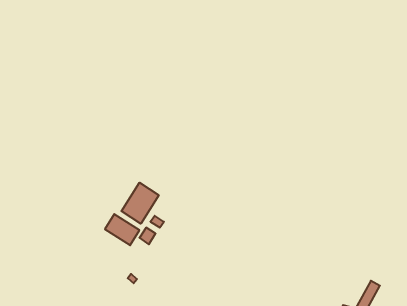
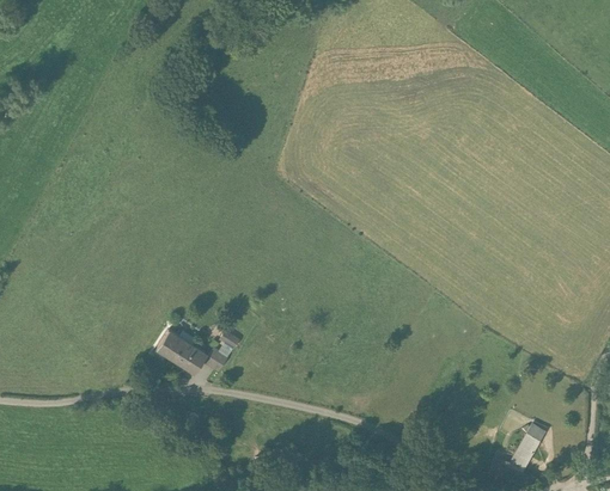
building: [121,183,159,224] -> none

